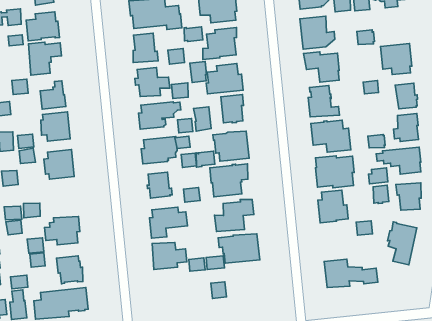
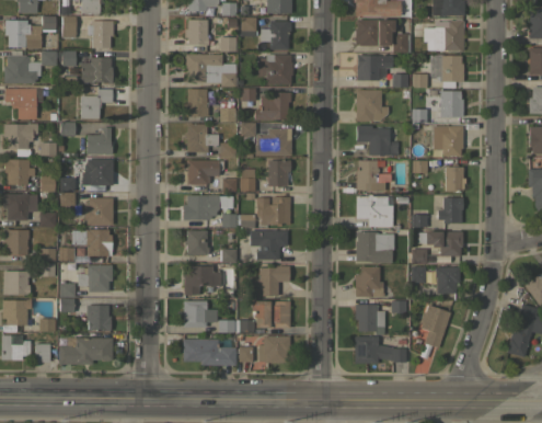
building: none -> [433,91,463,117]
building: none -> [72,229,113,256]
building: none -> [355,304,384,332]
building: none -> [258,335,290,363]
building: none -> [183,339,237,365]

